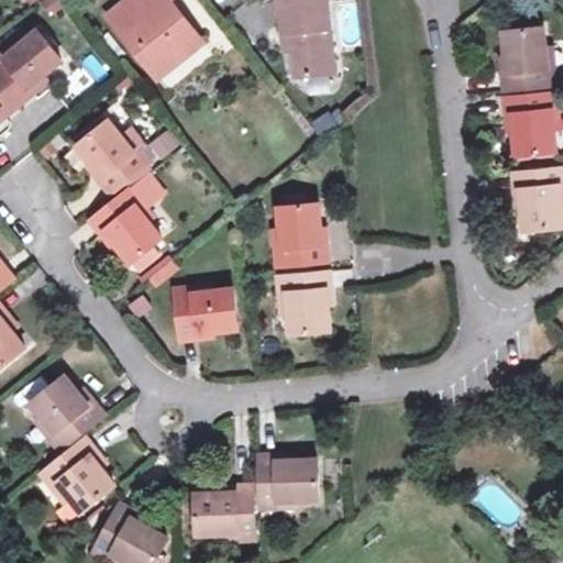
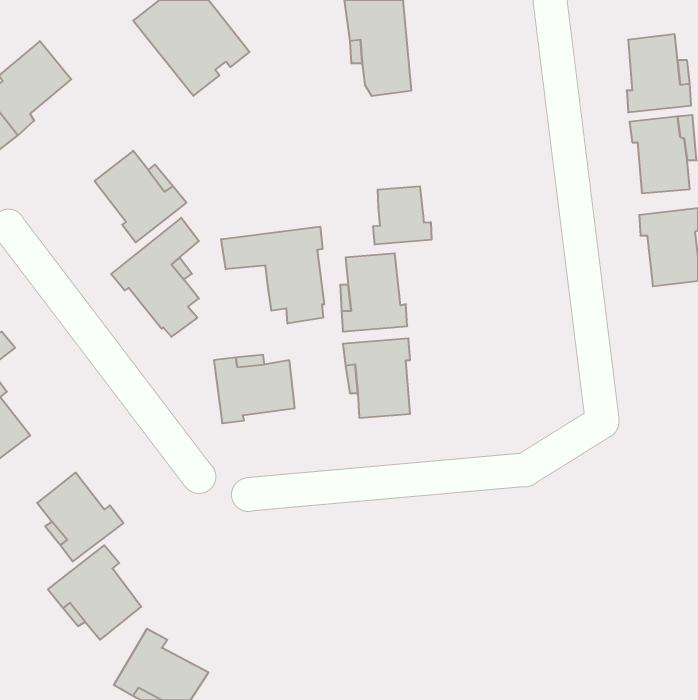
building: none -> [373,186,432,245]
building: none -> [221,227,324,324]
building: [257,454,318,508] -> none
building: [194,486,253,540] -> none

